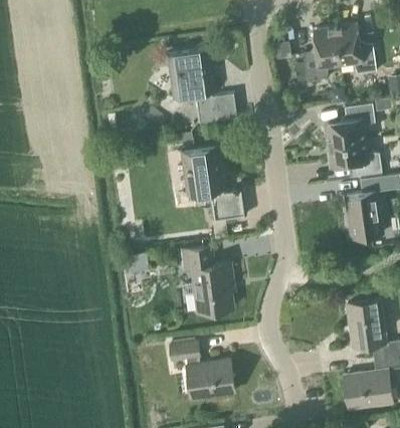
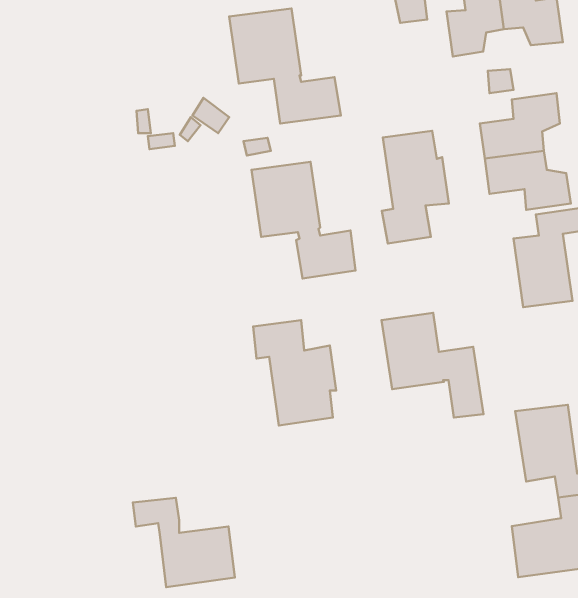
building: none -> [382,131,449,243]
building: none -> [381,313,483,417]
building: [170,343,234,399] -> [133,498,235,587]

